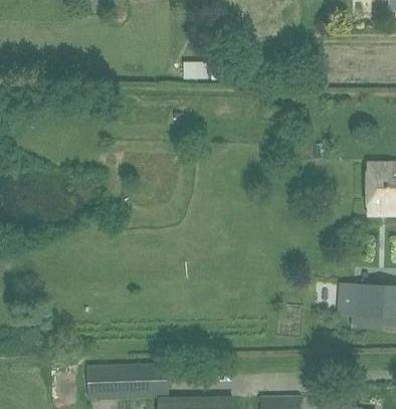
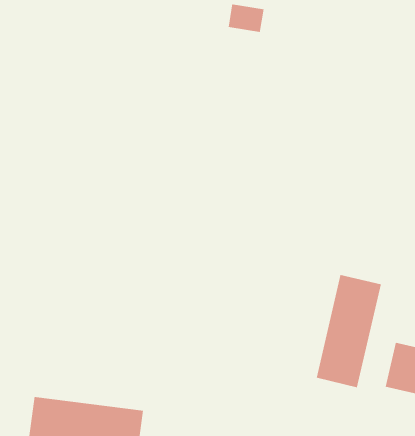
building: none -> [316,274,381,388]

